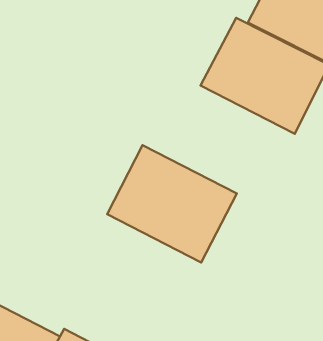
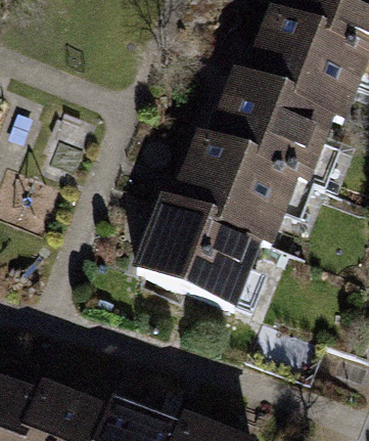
building: none -> [173,139,297,247]

